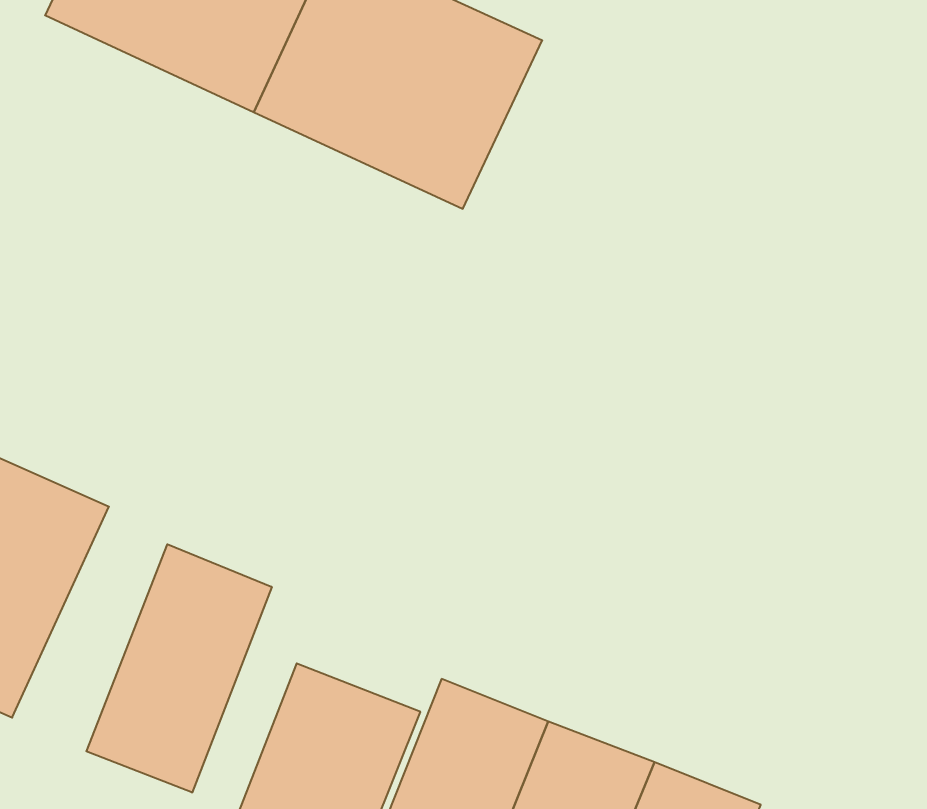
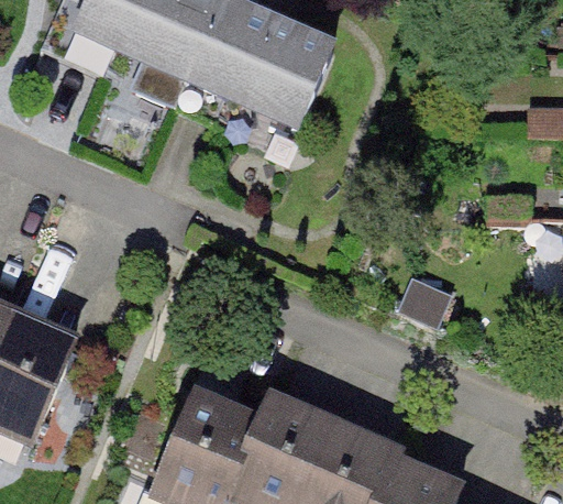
building: [86,544,272,793] -> none

